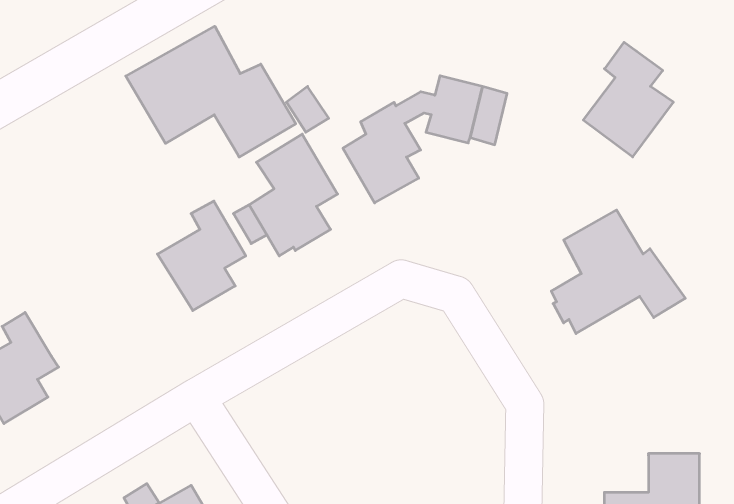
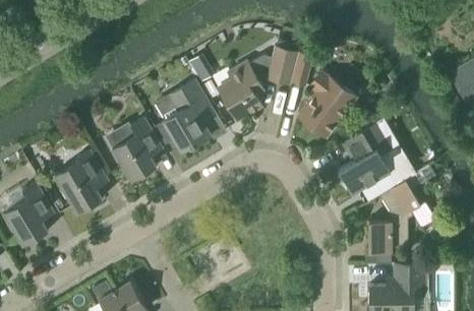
building: [126,26,296,157] -> none
building: [583,42,673,157] -> [297,71,349,137]
building: none -> [54,149,108,213]
building: none -> [368,180,420,251]

